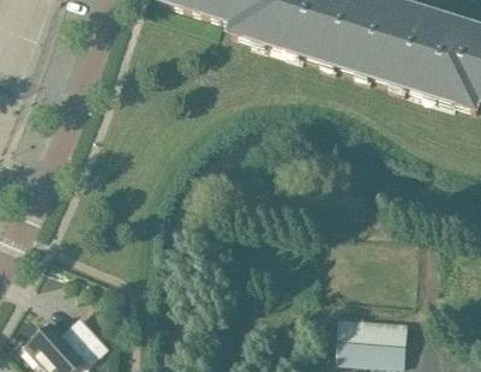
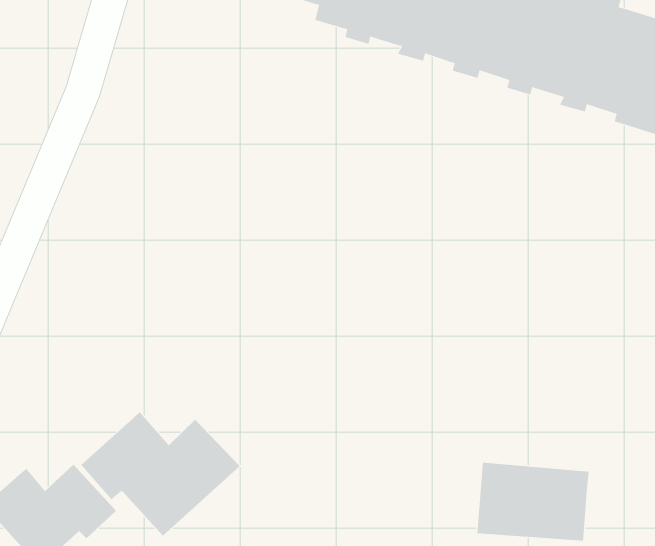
building: none -> [80,411,240,537]

